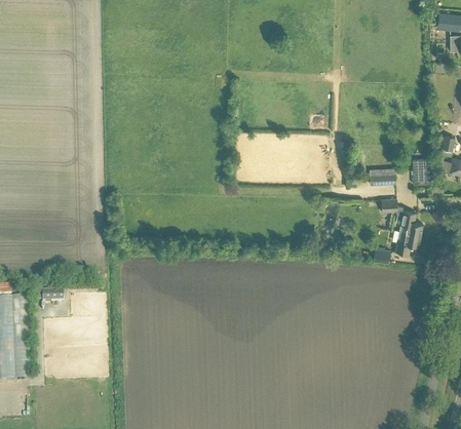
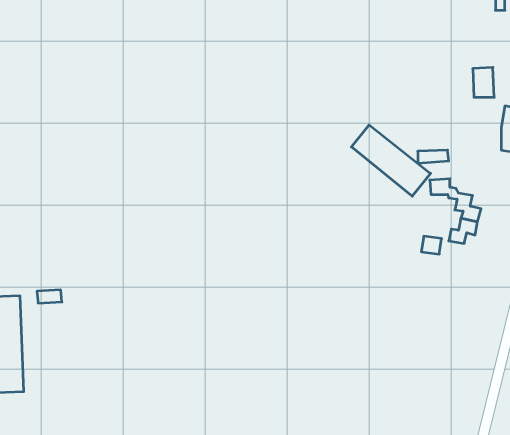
building: none -> [351,125,431,196]
building: [412,156,430,182] -> [473,67,494,97]

